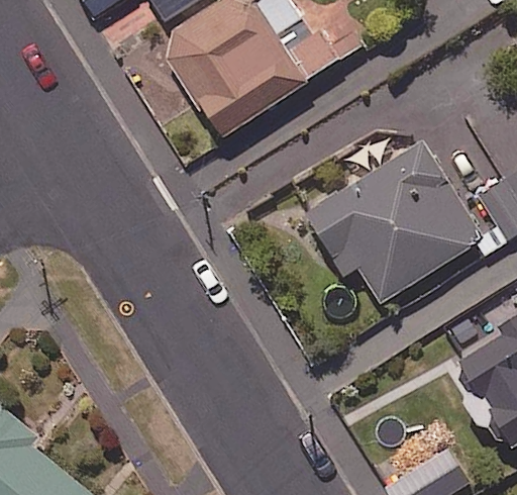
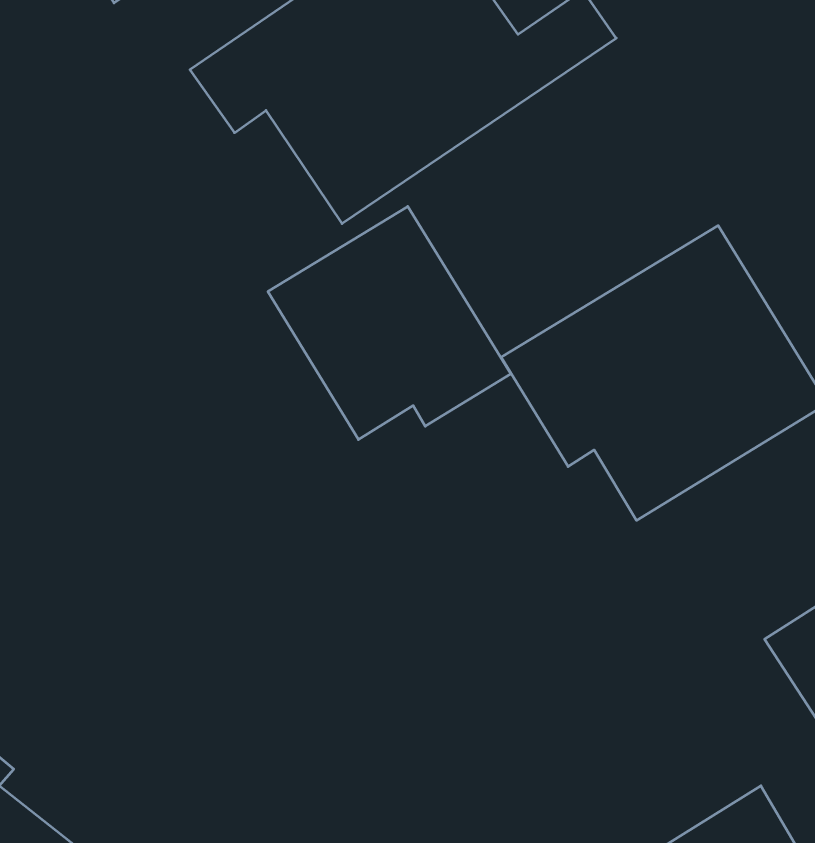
building: none -> [268,206,511,440]

